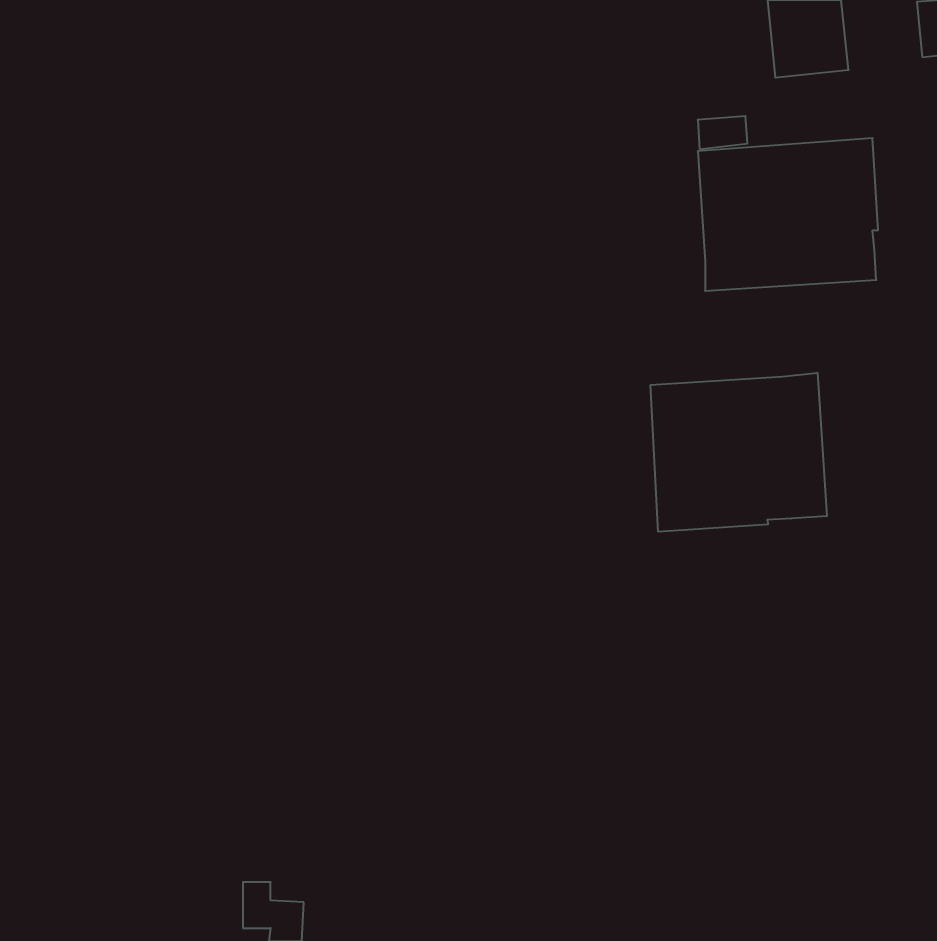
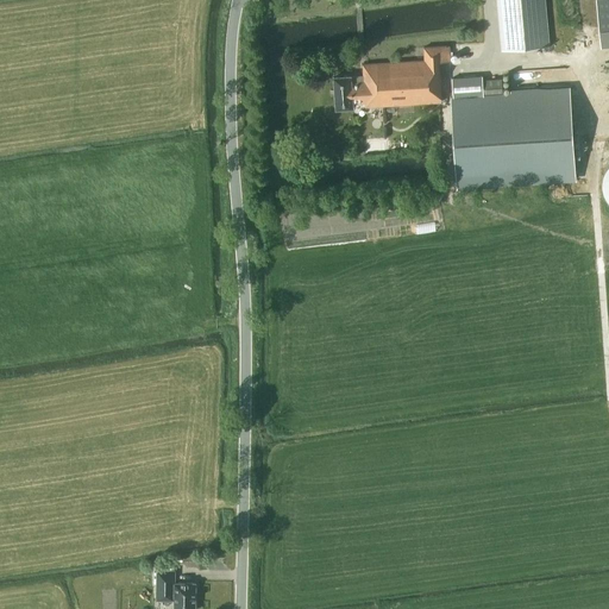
building: none -> [335,44,466,109]
building: [651,373,827,532] -> none

